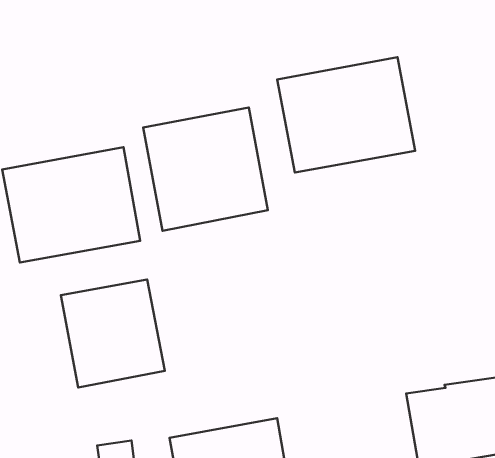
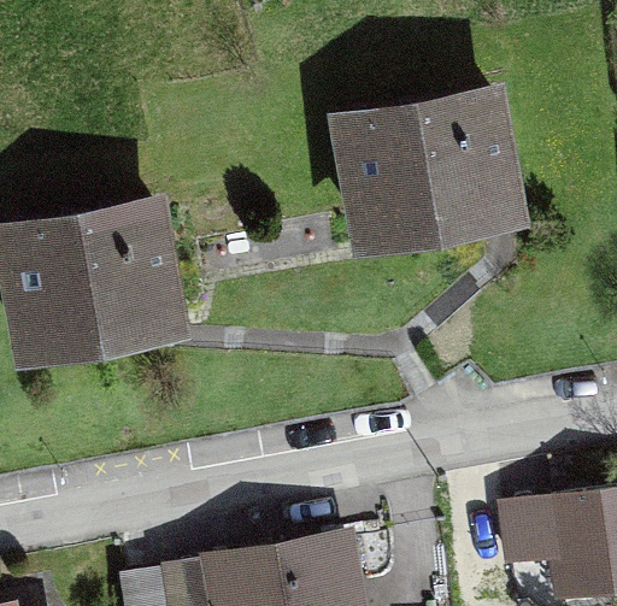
building: [143,108,268,231] -> none
building: [61,279,165,388] -> none

